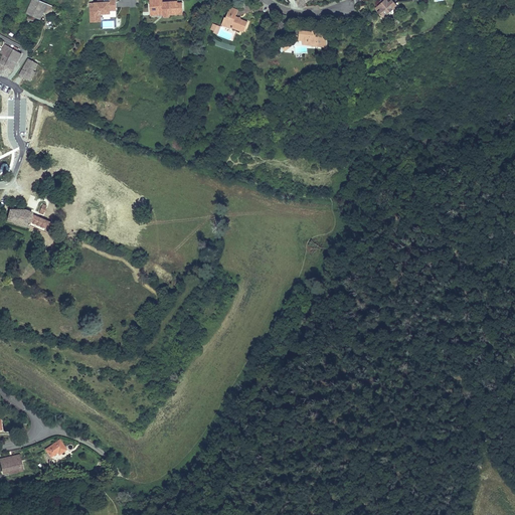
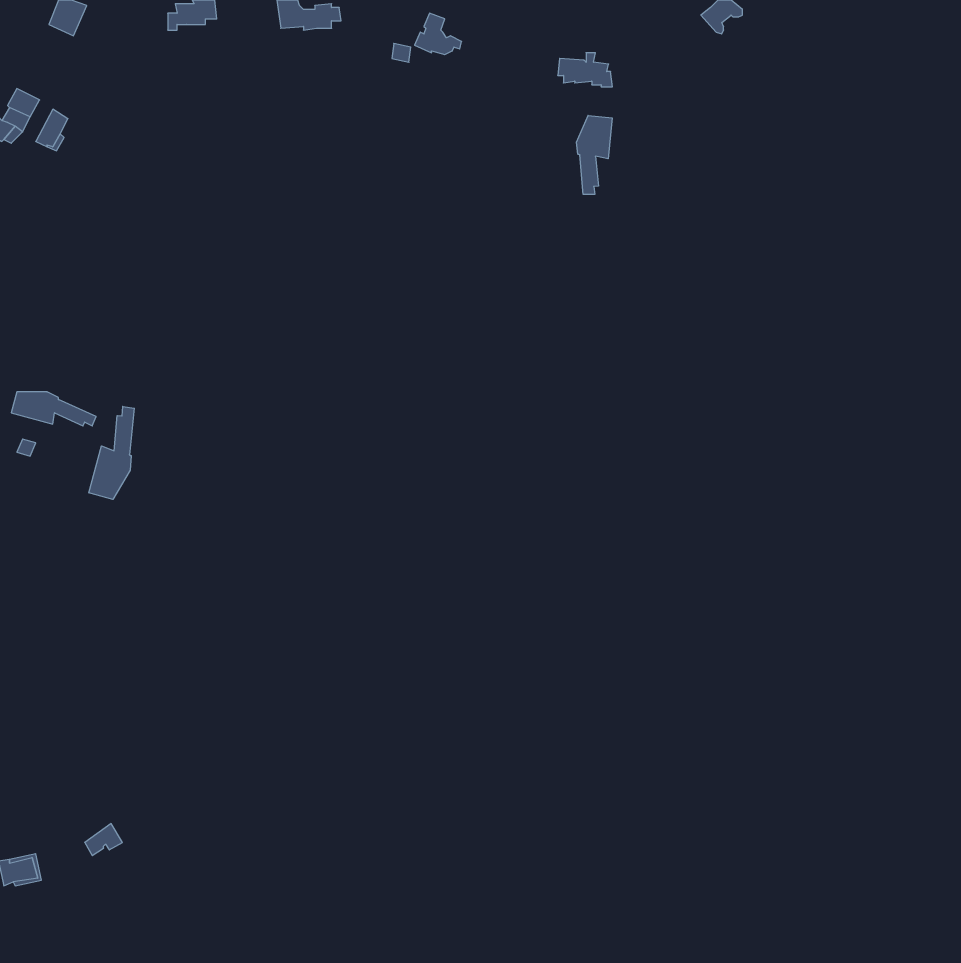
building: none -> [576,115,612,194]
building: none -> [89,406,134,499]

